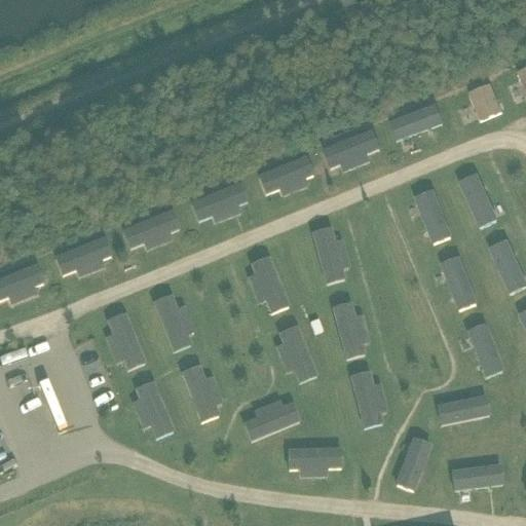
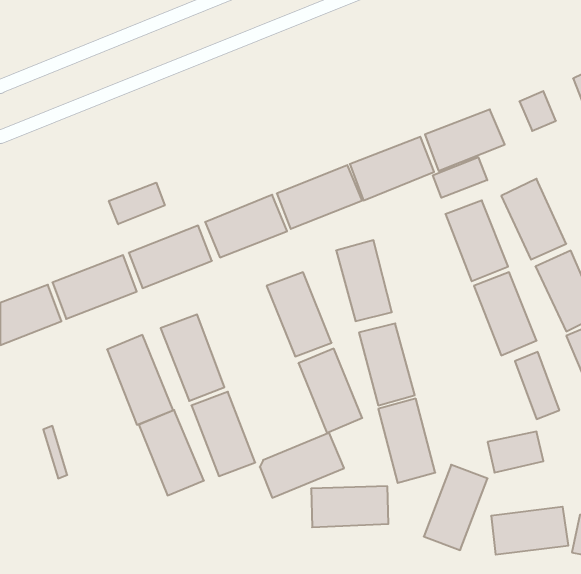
building: none -> [433,157,487,198]
building: none -> [109,183,165,224]

